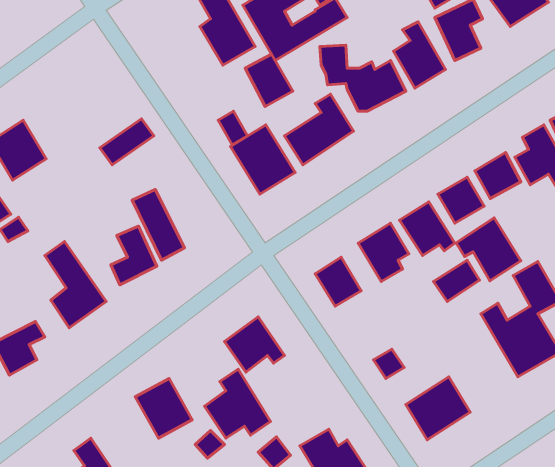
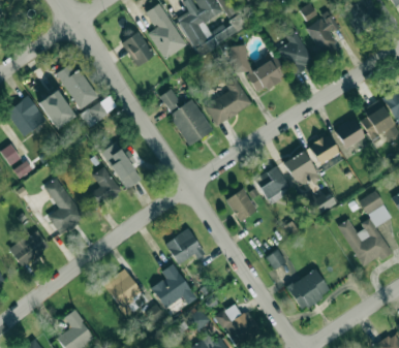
building: [245,54,293,106] -> [123,32,155,67]
building: none -> [56,64,98,109]
building: none -> [38,90,75,129]
building: [456,218,521,281] -> none

